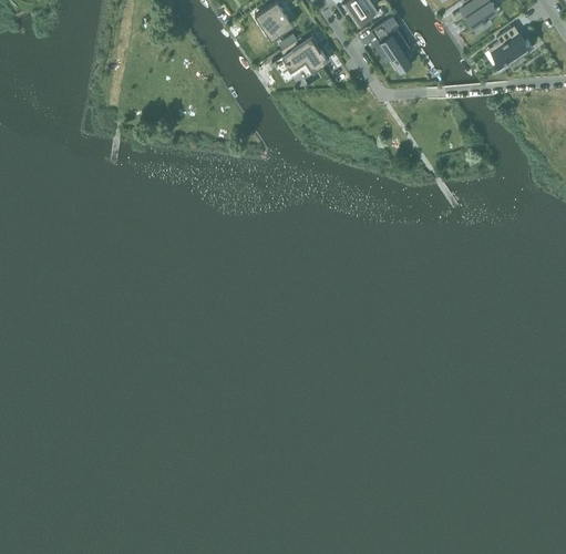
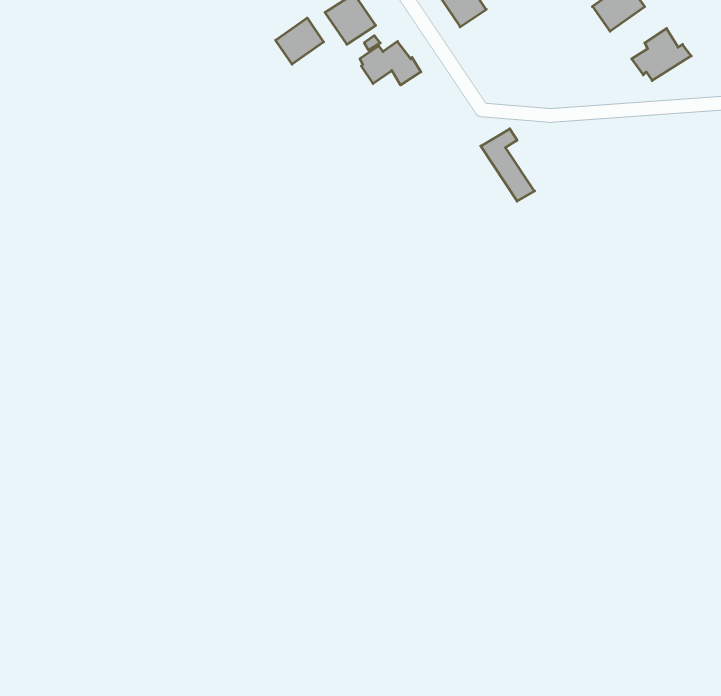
building: [371,16,412,71] -> [481,129,535,201]
building: none -> [276,18,324,64]

